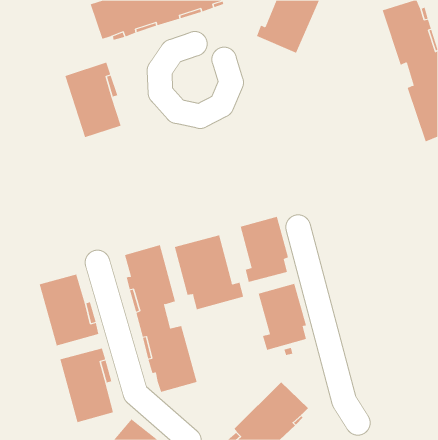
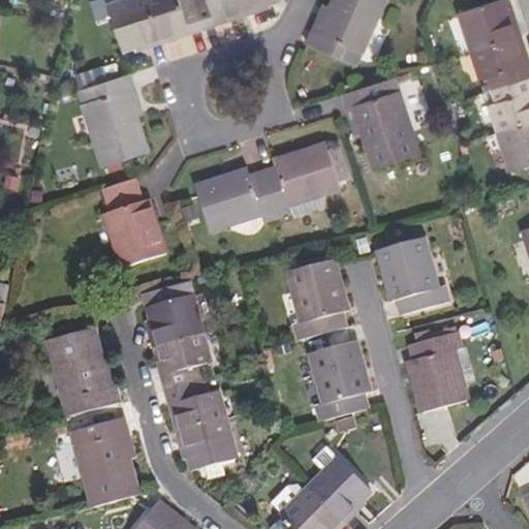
building: none -> [342,76,416,167]
building: none -> [194,144,339,229]
building: none -> [102,179,166,267]
building: none -> [377,238,448,315]
building: [174,235,244,310] -> none
building: none -> [408,332,467,411]

